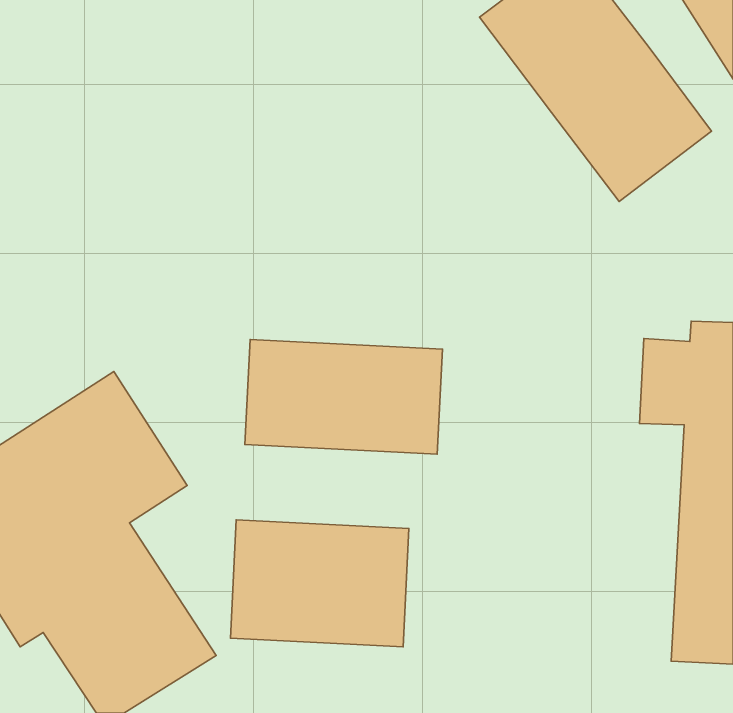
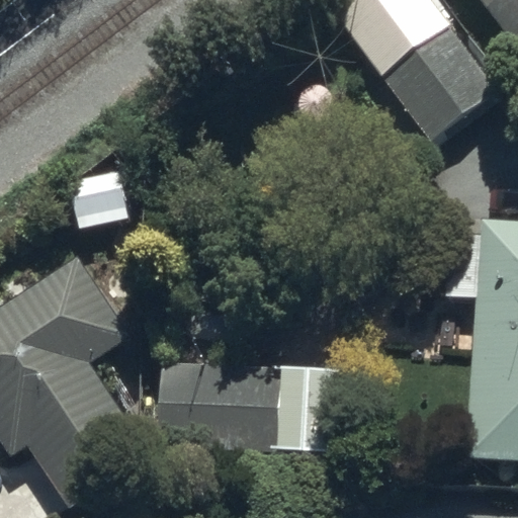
building: [245,339,443,454] -> none

